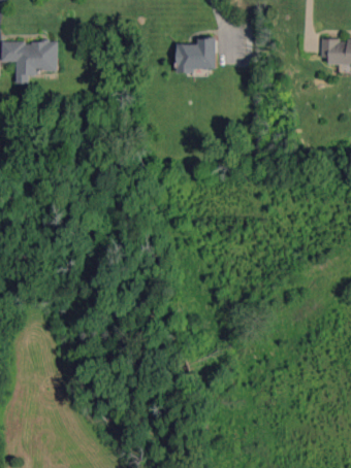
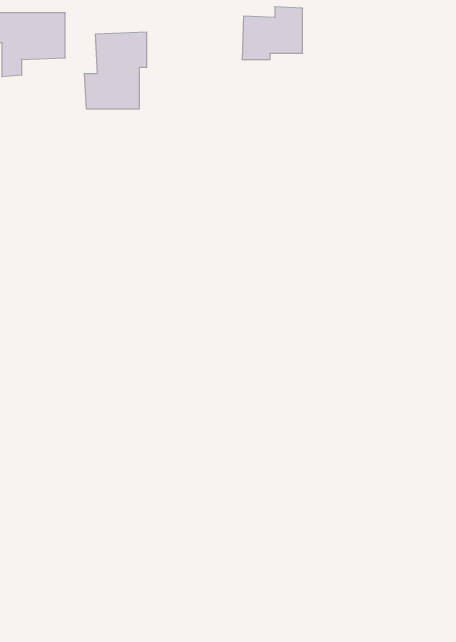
building: none -> [85,32,146,109]

